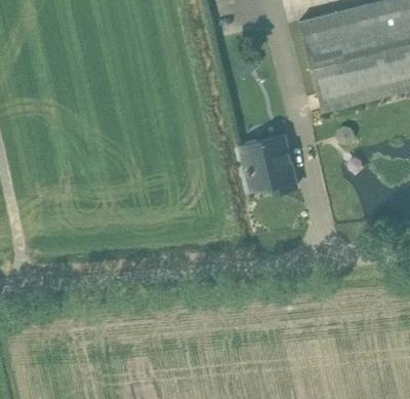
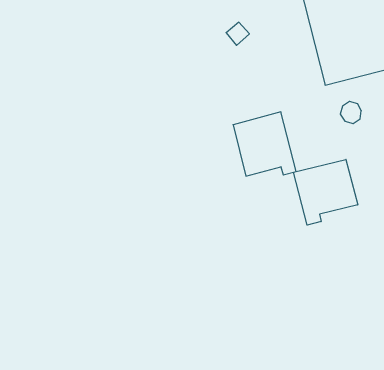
building: none -> [294,159,358,225]

